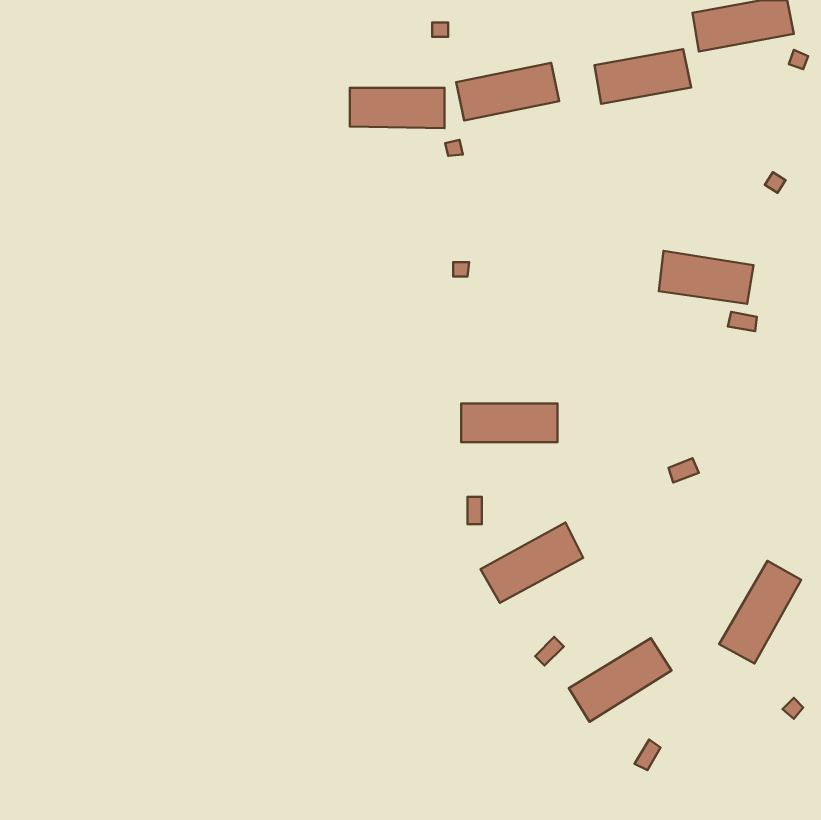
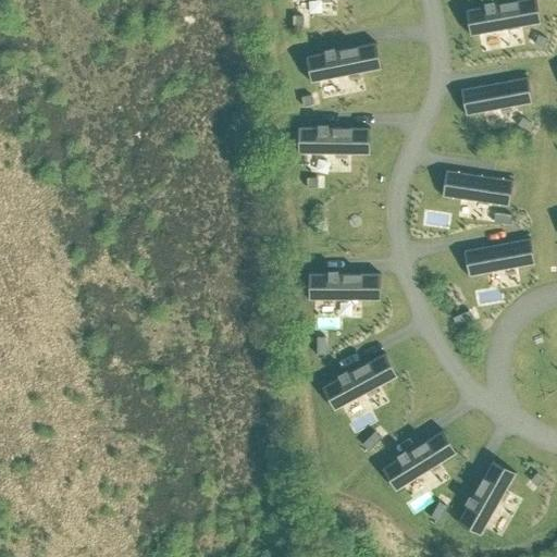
building: [595,49,691,104] -> [465,78,530,115]
building: [350,88,445,128] -> [302,128,367,156]
building: none -> [467,239,532,276]
building: [719,561,801,664] -> [459,463,515,533]

